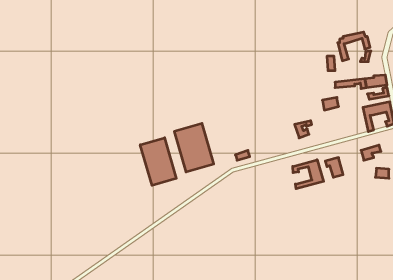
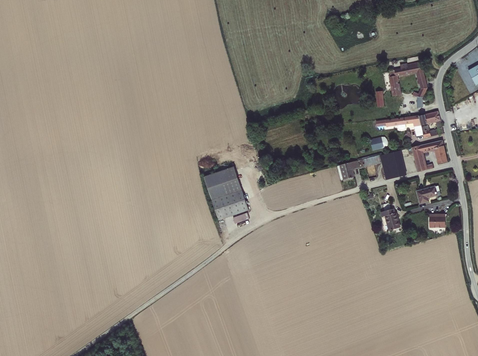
building: [140,138,176,185] -> none
building: [293,160,324,189] -> none

